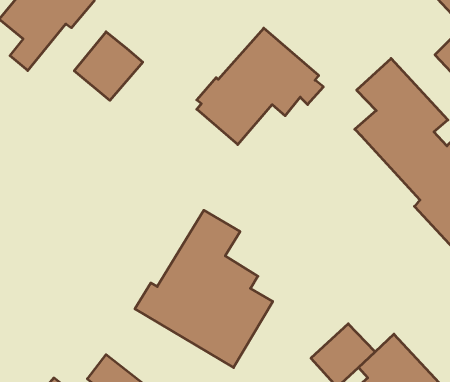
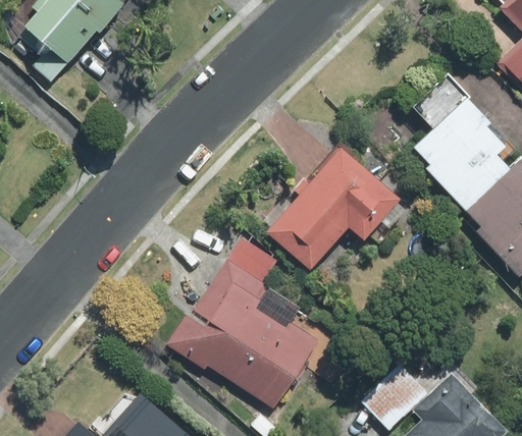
building: [197,28,323,145] -> [265,144,404,271]
building: [74,32,143,100] -> none

